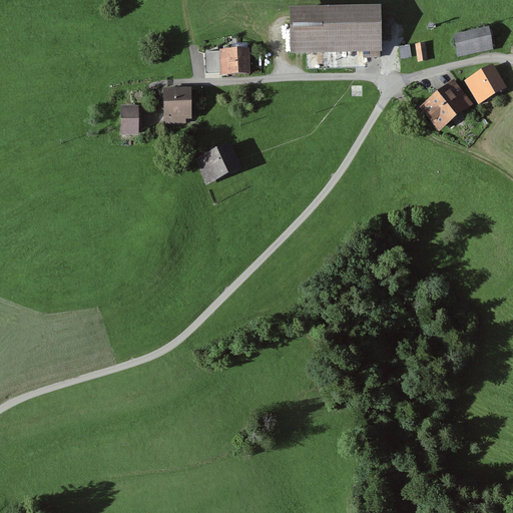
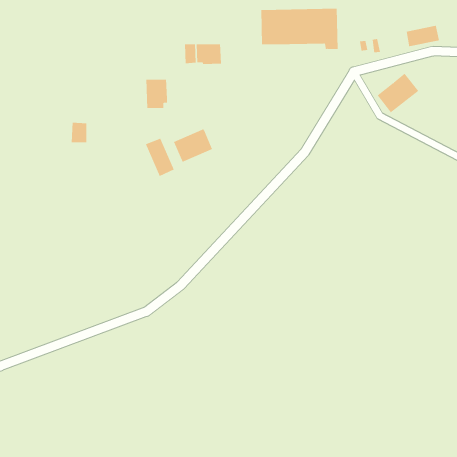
building: [466,65,504,100] -> none
building: [120,107,138,130] -> [71,122,87,143]
building: none -> [145,138,174,177]

